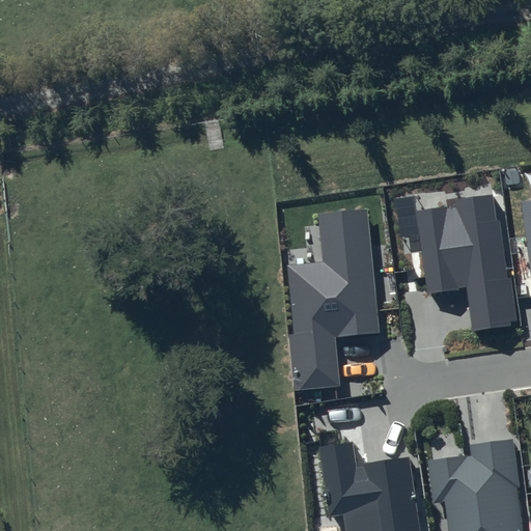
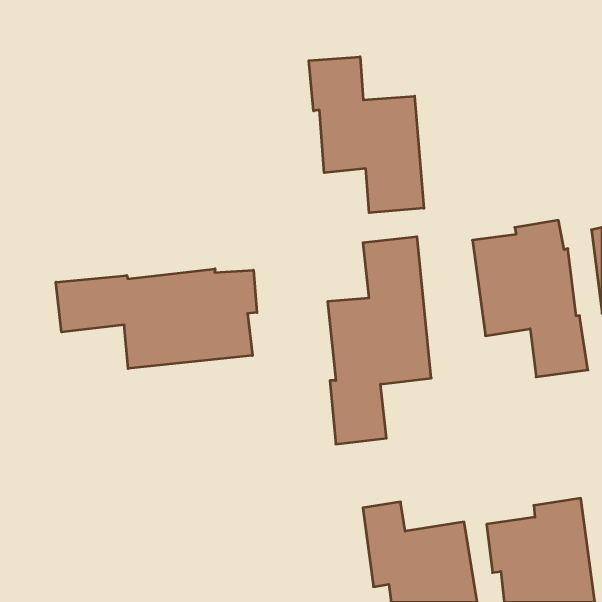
building: none -> [309,57,424,213]
building: none -> [56,269,257,369]

